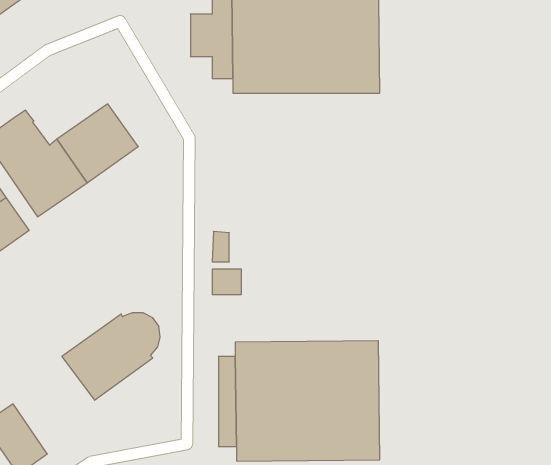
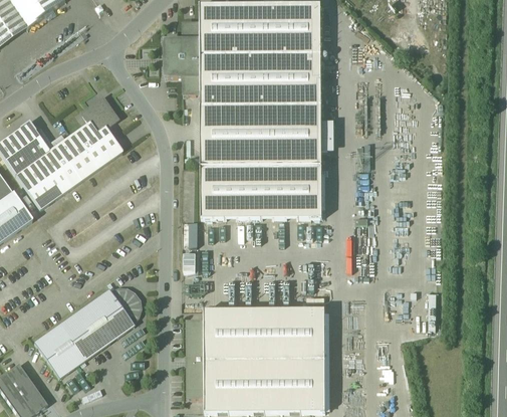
building: none -> [82,98,116,126]
building: none -> [201,106,322,217]
building: none -> [35,324,86,378]

